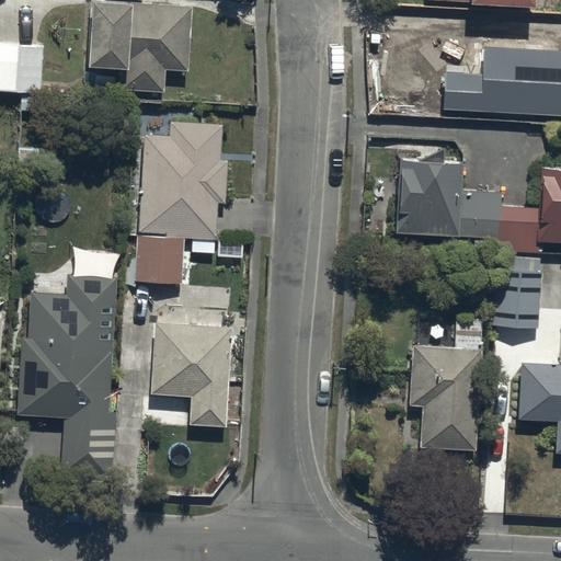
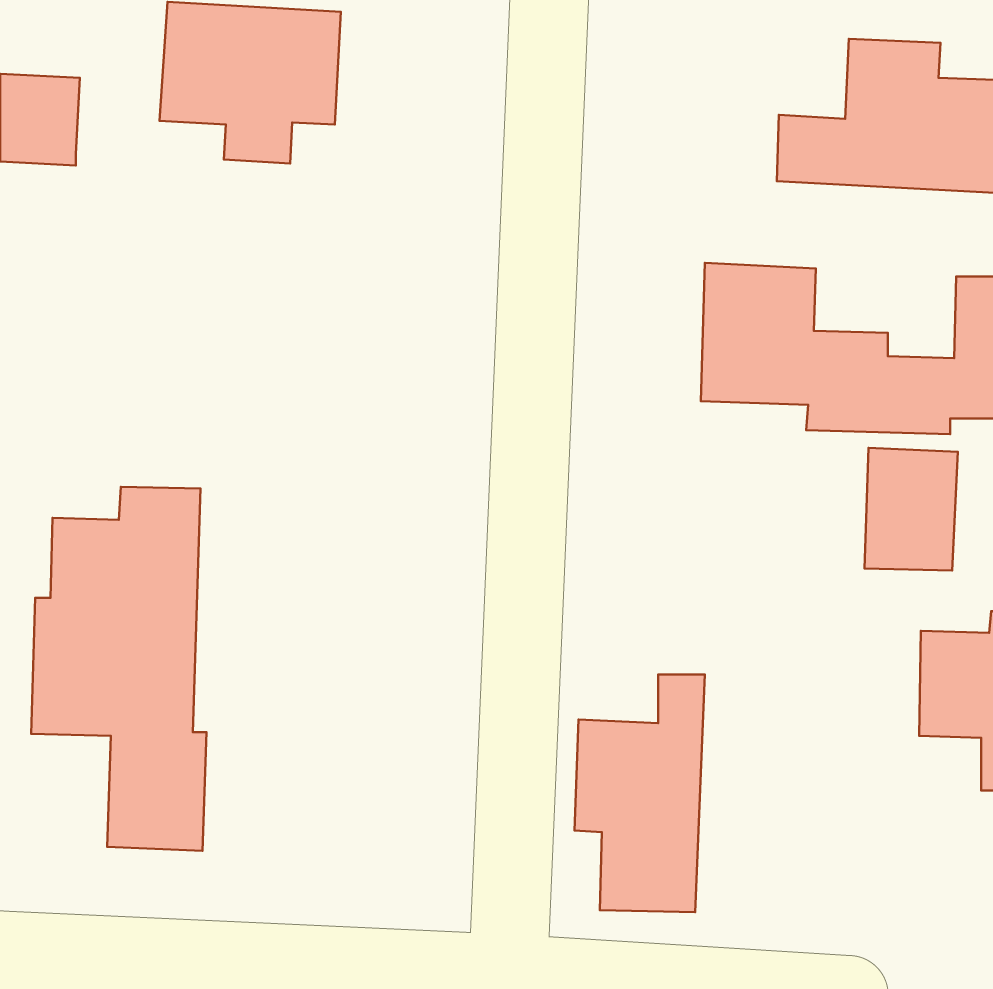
building: [134,125,227,286] -> none
building: [407,314,480,448] -> [575,675,705,912]
building: [152,324,232,430] -> none

